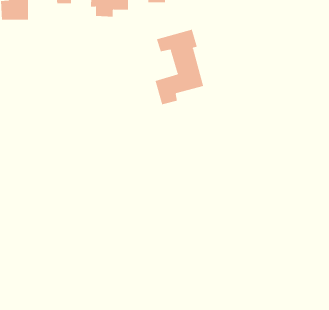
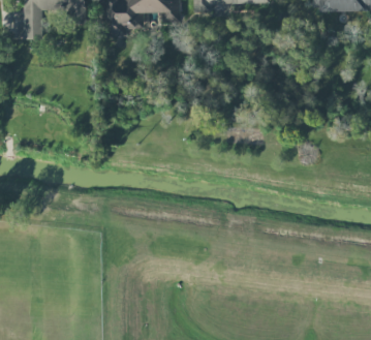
building: [155,29,204,105] -> none

